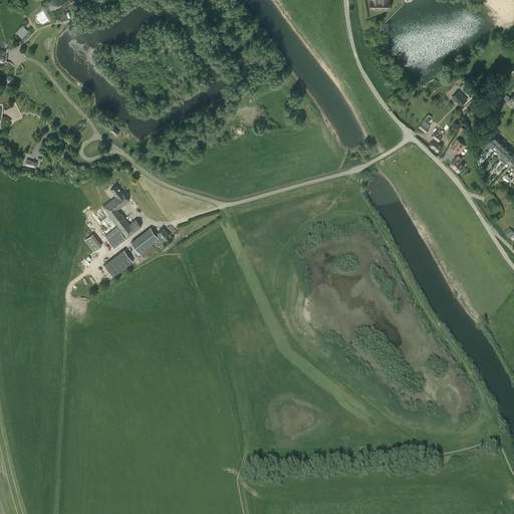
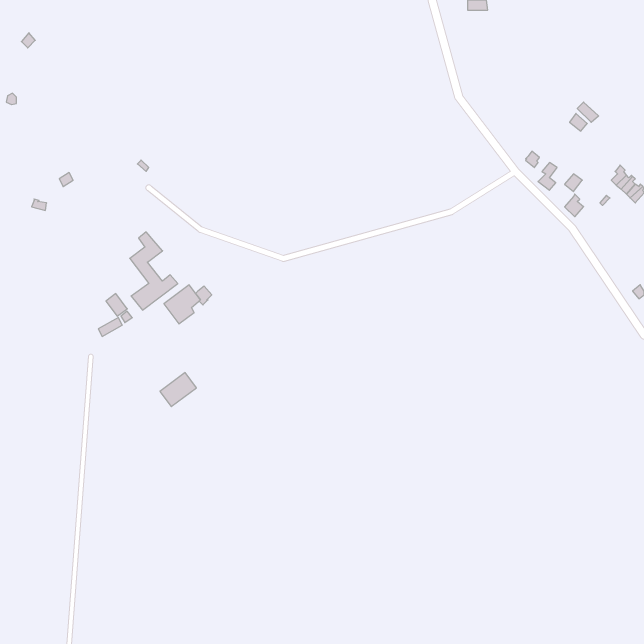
building: [103,249,133,276] -> [160,373,196,407]

